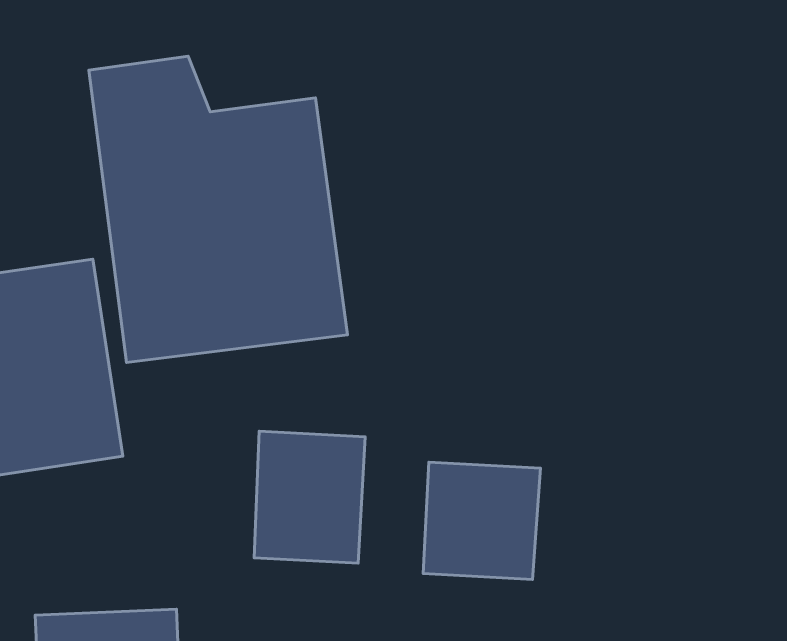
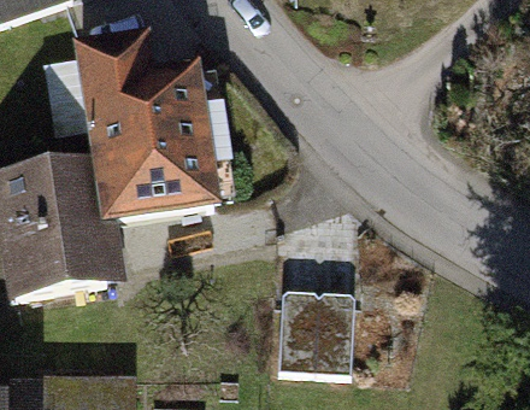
building: [254,431,365,563] -> none

